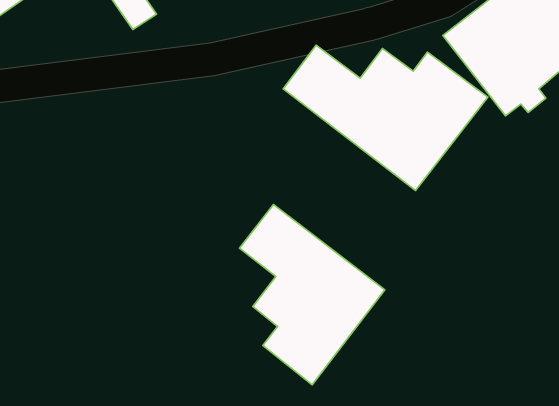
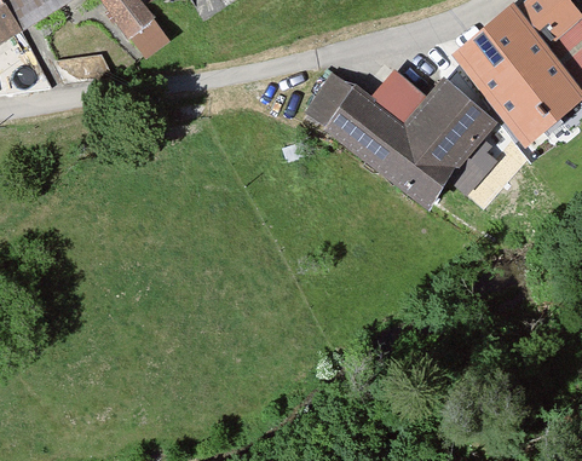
building: [239,204,385,385] -> none

